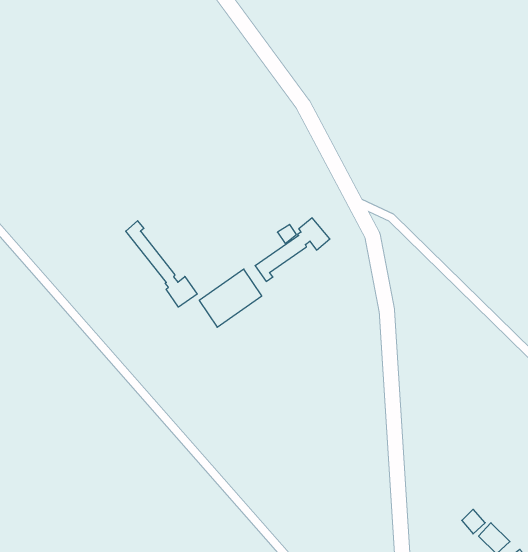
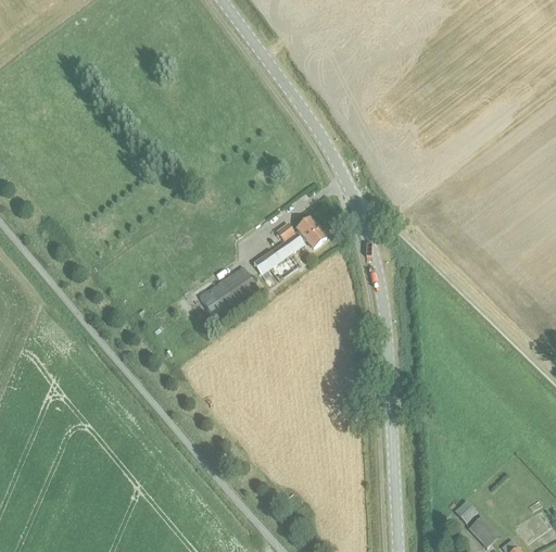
building: [126,221,197,307] -> none

